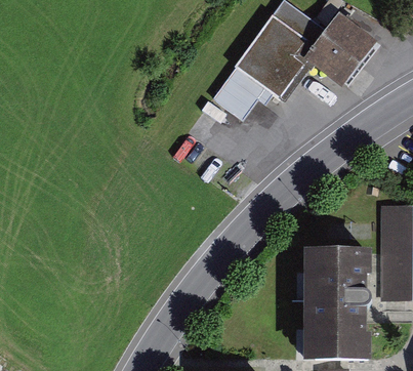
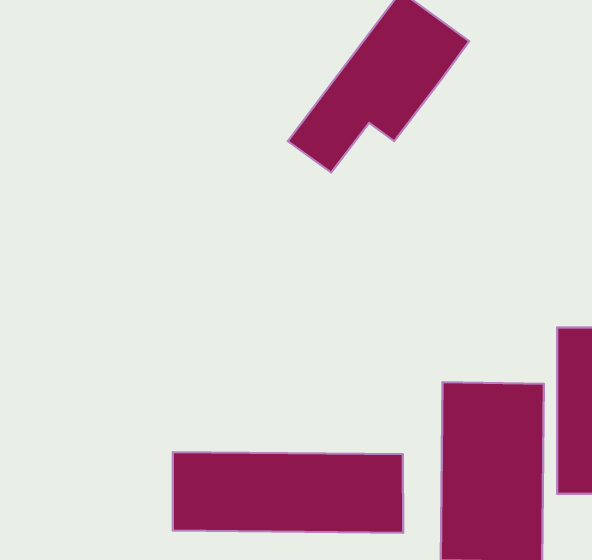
building: [308,19,370,83] -> none
building: none -> [173,452,403,533]

